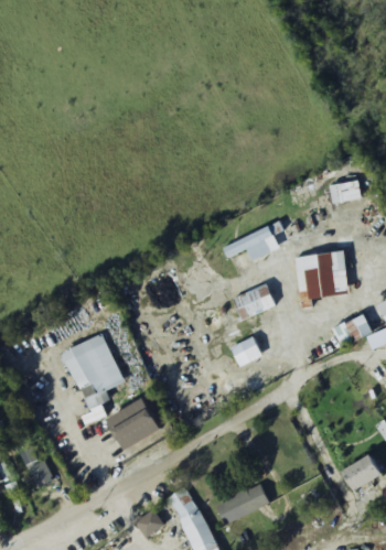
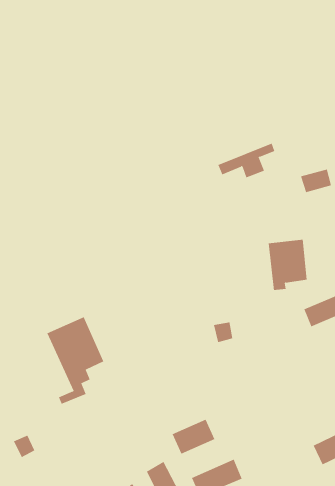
building: [223,223,283,260] -> [218,143,275,178]
building: [234,287,275,316] -> none
building: [108,399,162,450] -> none
building: none -> [172,419,215,455]

